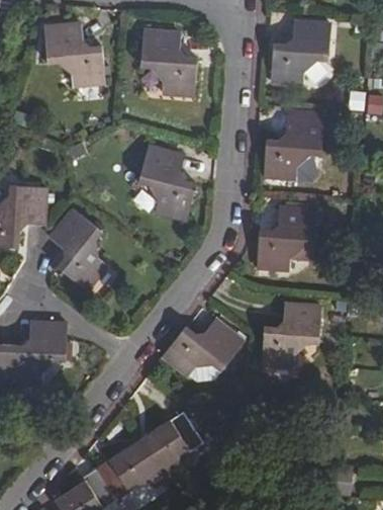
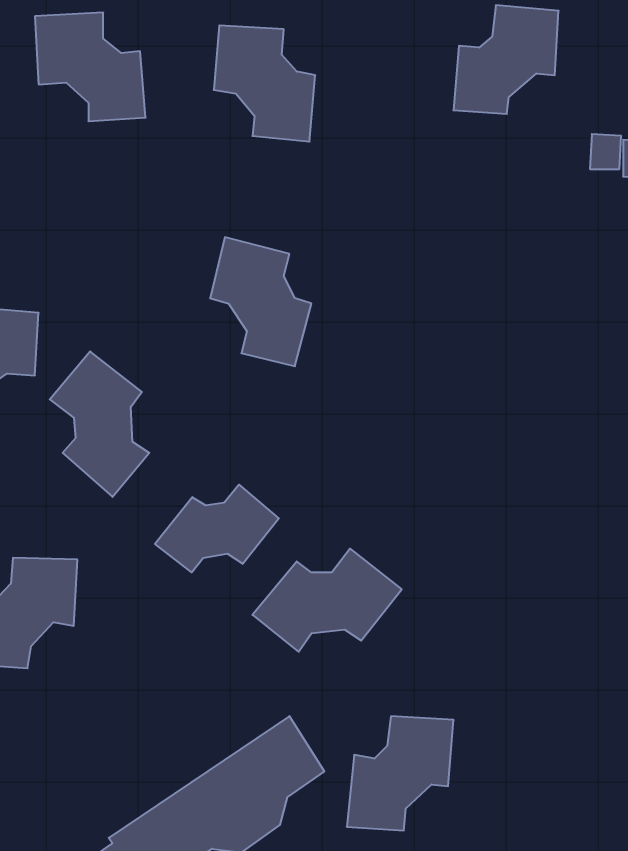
building: [264,116,321,176] -> none
building: [258,207,315,269] -> none
building: none -> [155,485,279,572]
building: [261,304,319,366] -> [347,716,454,830]

